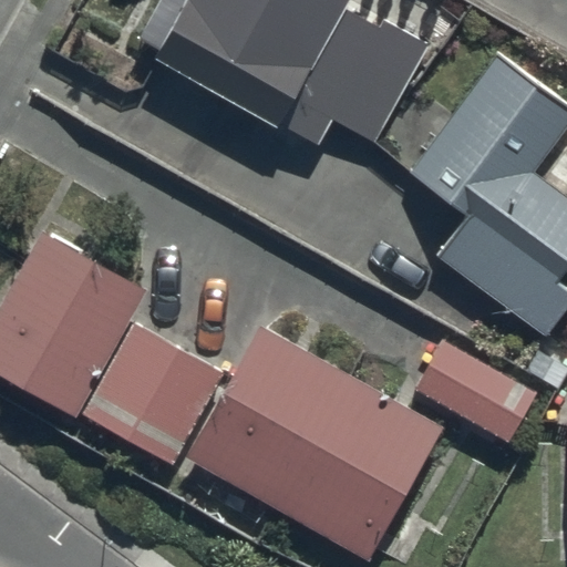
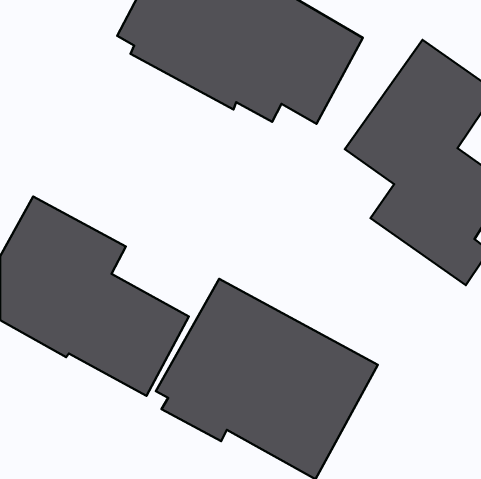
building: [413,338,536,444] -> none

